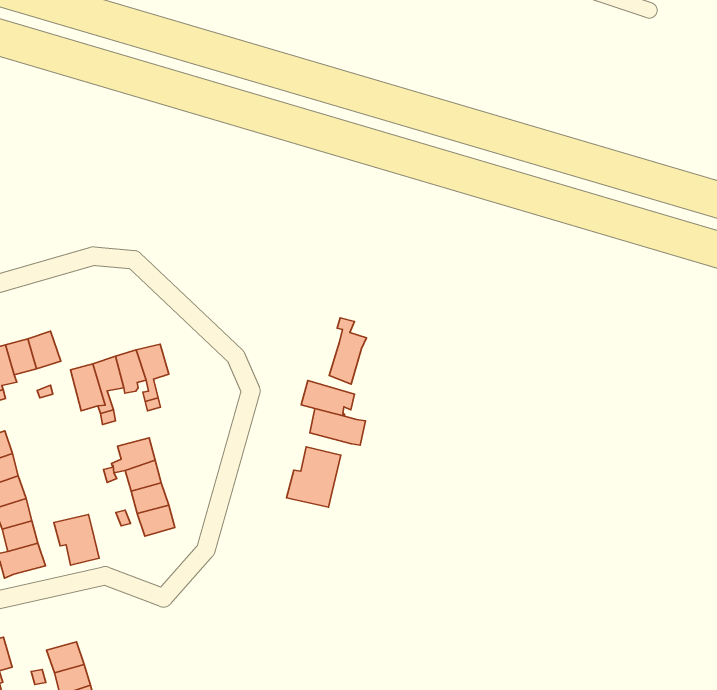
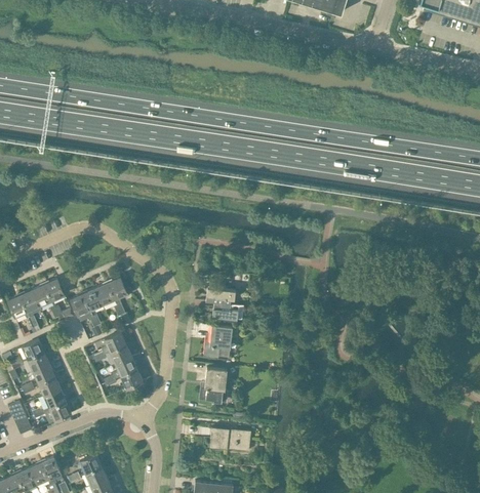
building: [329,318,366,384] -> none
building: [54,515,99,565] -> none
building: none -> [200,368,227,402]
building: none -> [209,426,251,452]

